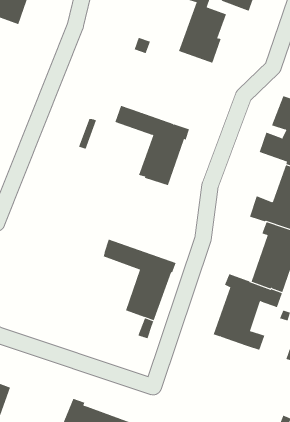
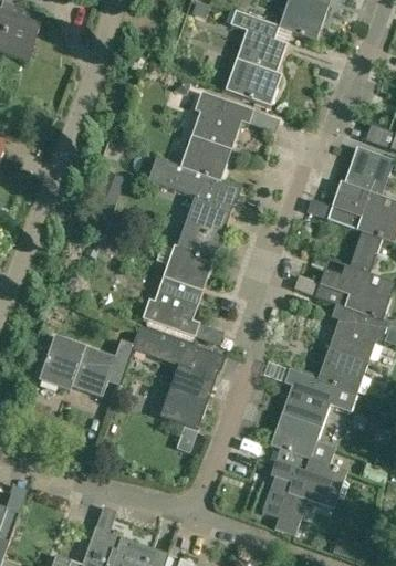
building: none -> [179,93,251,181]
building: none -> [142,244,213,335]
building: none -> [38,334,133,395]
building: none -> [260,448,346,536]

